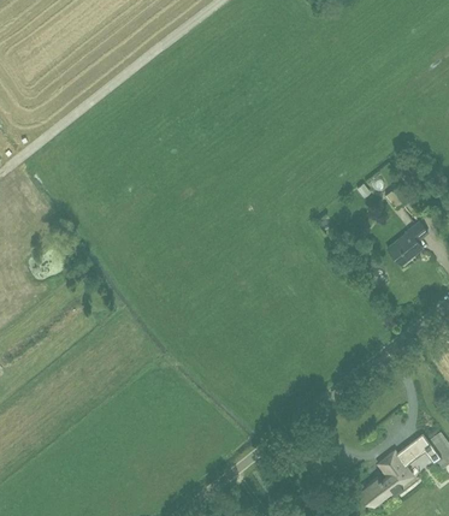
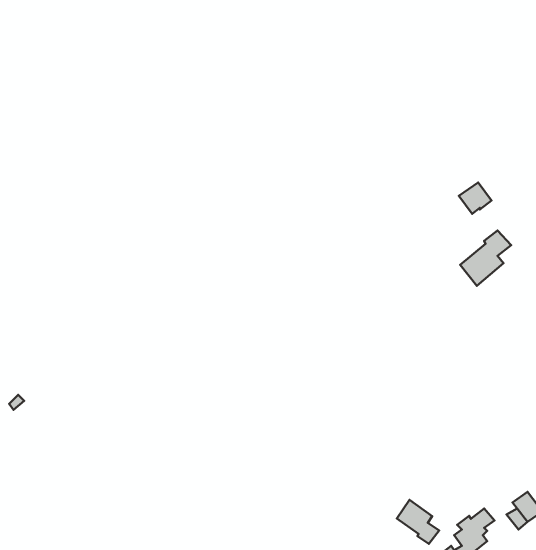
building: none -> [397,500,439,544]

